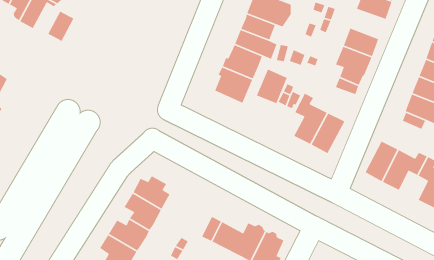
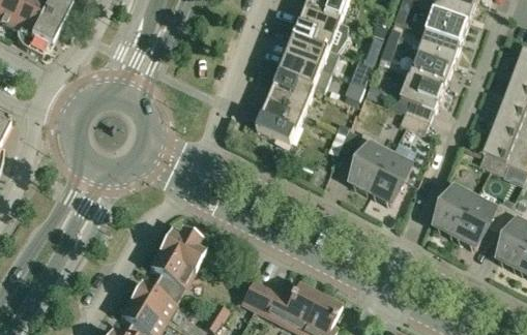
building: none -> [418,32,462,67]
building: [47,10,75,42] -> none
building: [256,68,288,104] -> none

